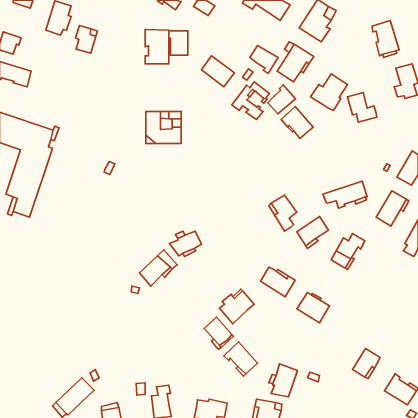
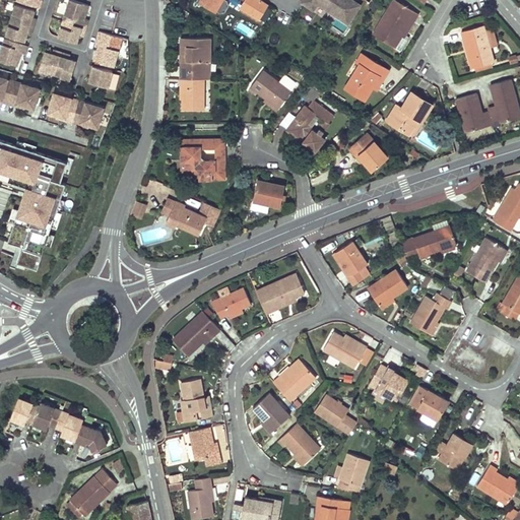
building: none -> [5,7,35,44]
building: [169,31,188,55] -> [180,80,203,111]
building: none -> [38,52,76,82]
building: [250,45,278,73] -> none
building: none -> [86,65,119,88]
building: none -> [48,93,103,127]
building: [268,85,295,114] -> none
building: [347,93,377,122] -> [457,95,494,132]
building: none -> [252,180,284,207]
building: none -> [160,197,220,234]
building: none -> [256,273,305,314]
building: none -> [181,379,211,424]
building: none -> [409,385,448,420]
building: none -> [314,394,356,436]
building: none -> [9,398,107,451]
building: none -> [189,428,220,465]

